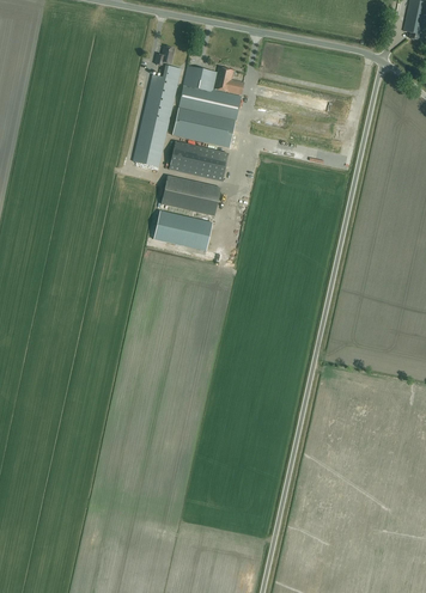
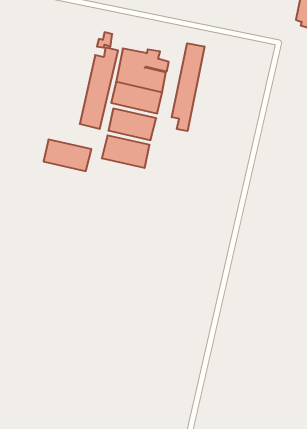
building: none -> [172,43,204,131]
building: [152,210,212,250] -> [44,140,91,171]

